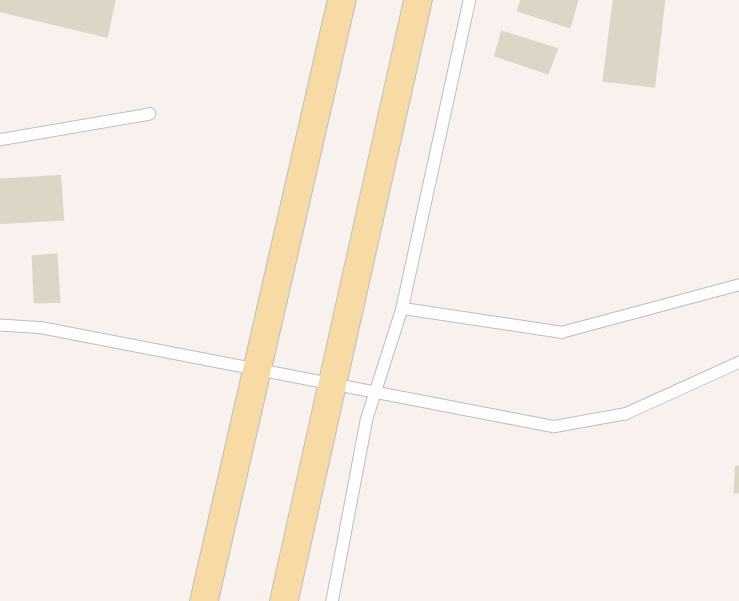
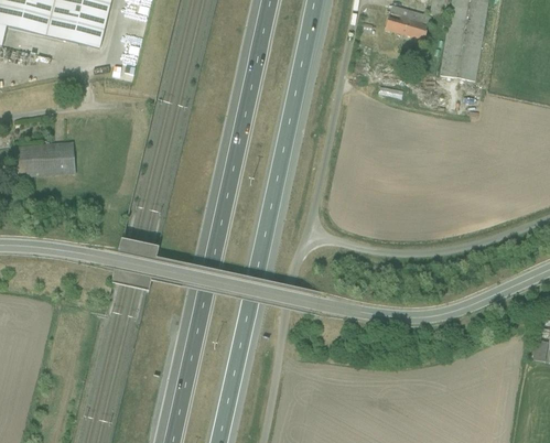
building: [493,30,559,75] -> none
building: [31,253,61,304] -> none

